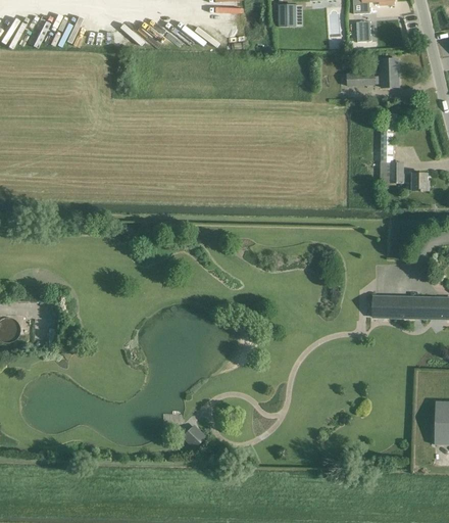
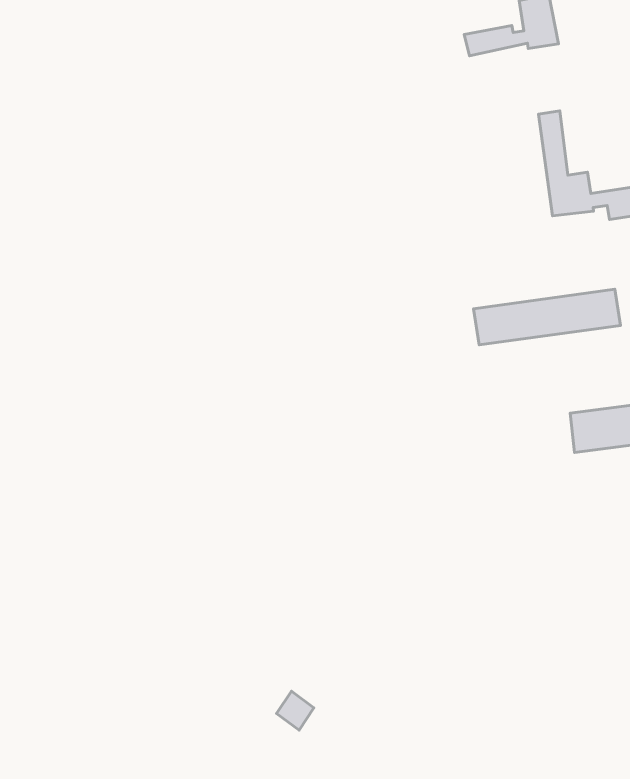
building: none -> [473,289,620,345]

